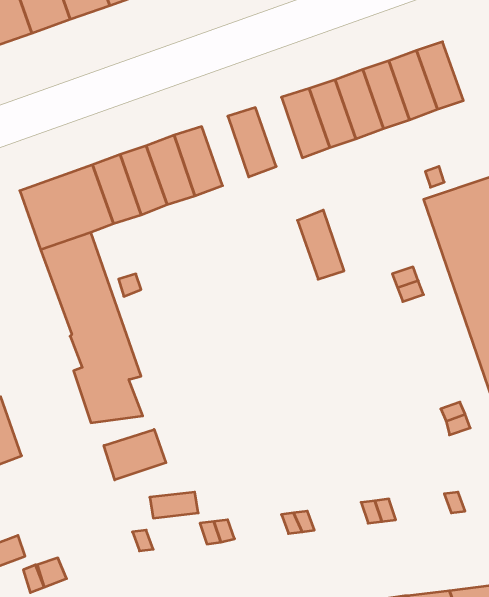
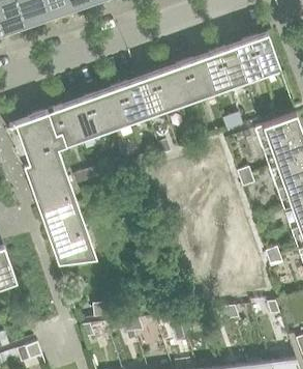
building: none -> [123,79,151,120]
building: [297,210,344,279] -> [155,67,183,109]
building: [104,429,166,480] -> none

